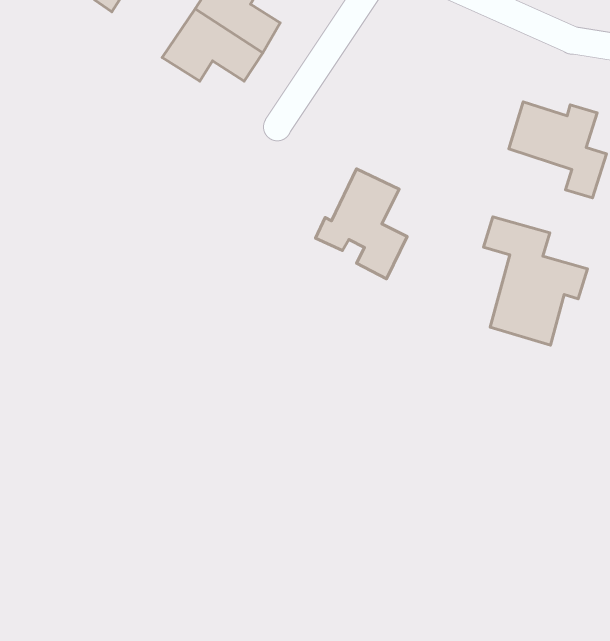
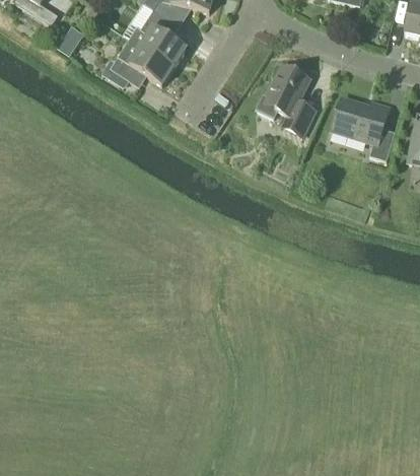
building: [316,169,407,279] -> [256,64,314,135]
building: [483,217,588,345] -> none

